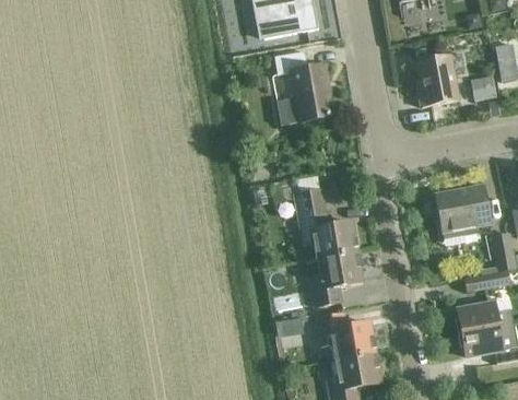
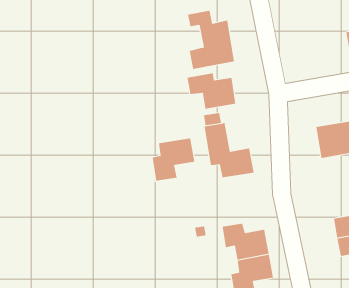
building: [415,54,462,106] -> none
building: none -> [187,73,236,109]
building: [309,251,363,305] -> [152,138,195,181]

